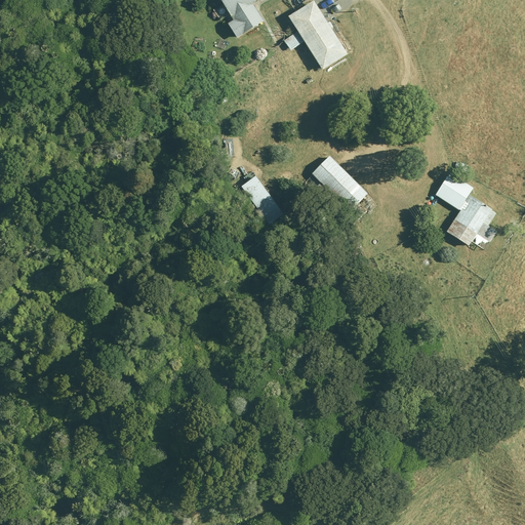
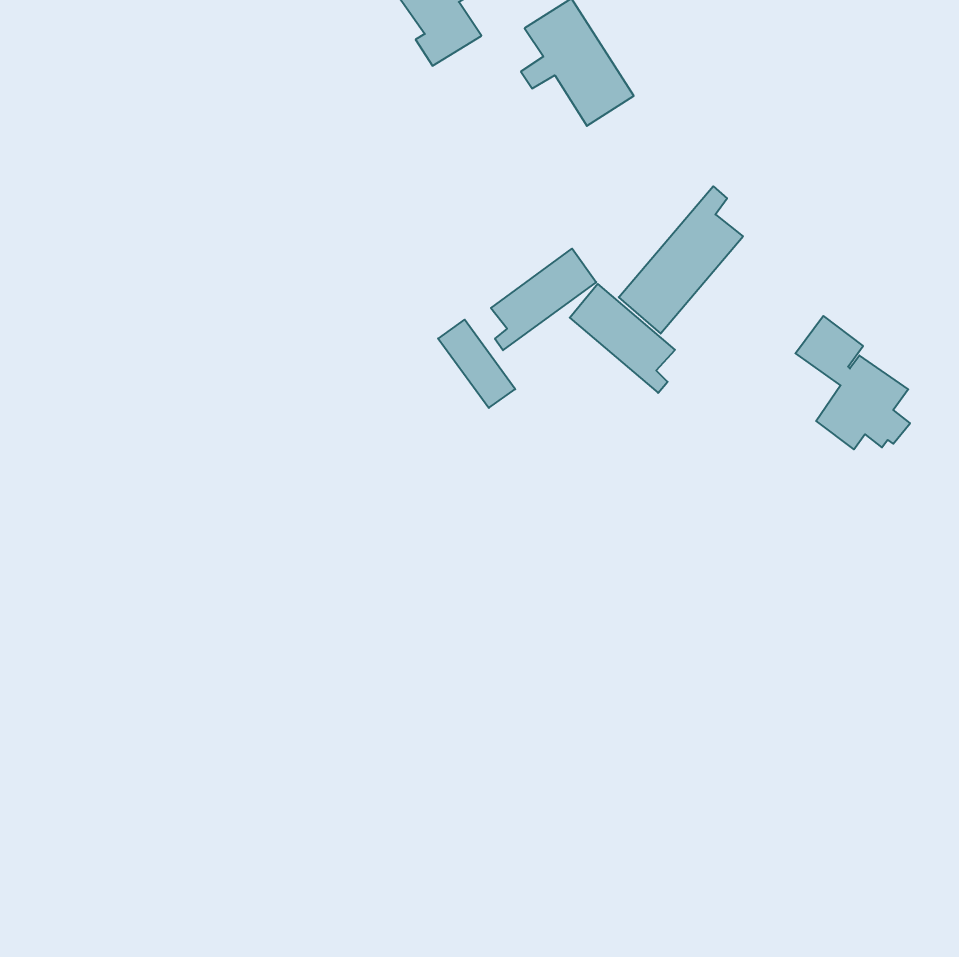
building: none -> [619,186,743,334]
building: none -> [491,249,596,350]

